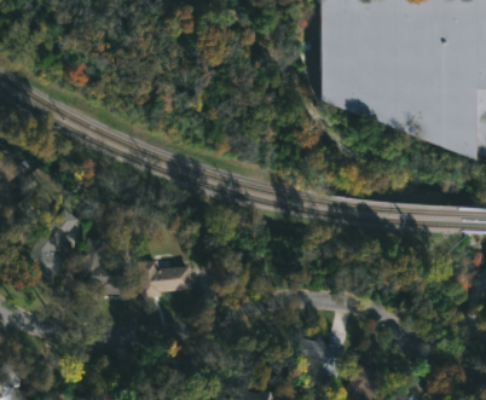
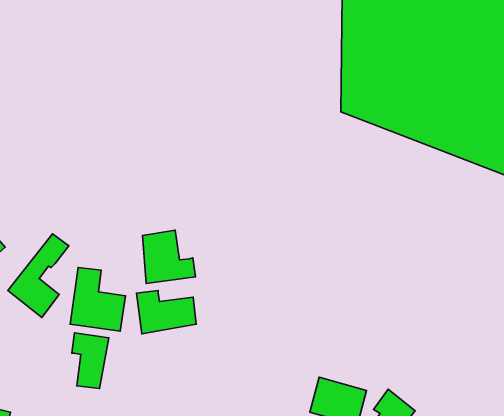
building: none -> [143,230,195,283]
building: none -> [72,333,109,388]

